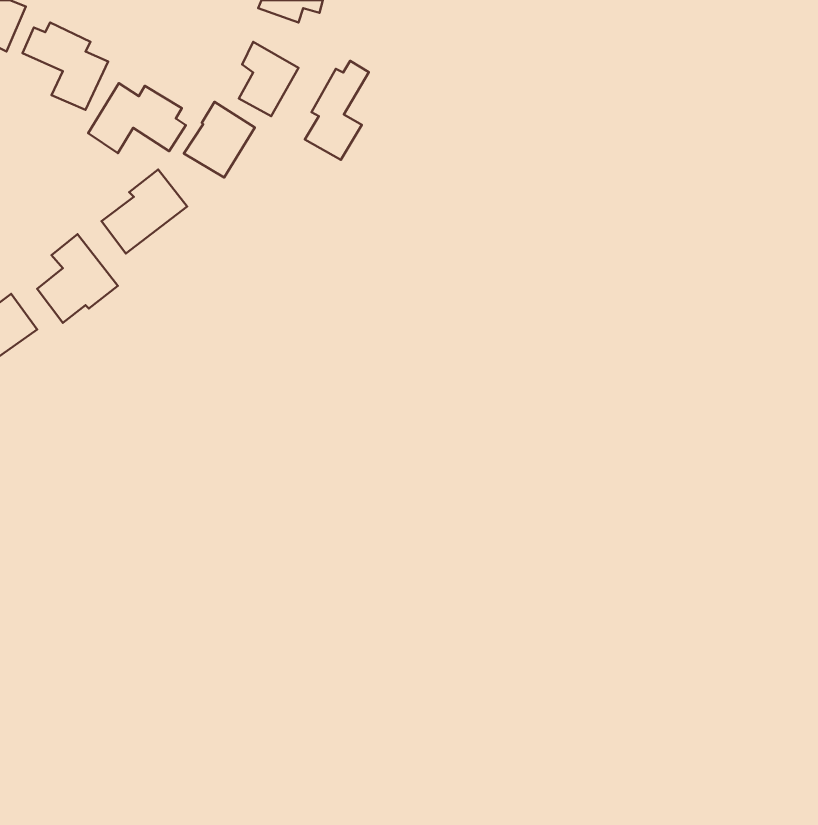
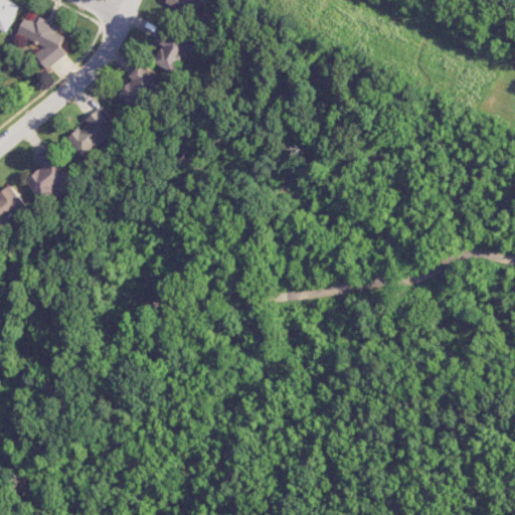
building: [305,61,369,160] -> none
building: [88,83,186,153] -> none

